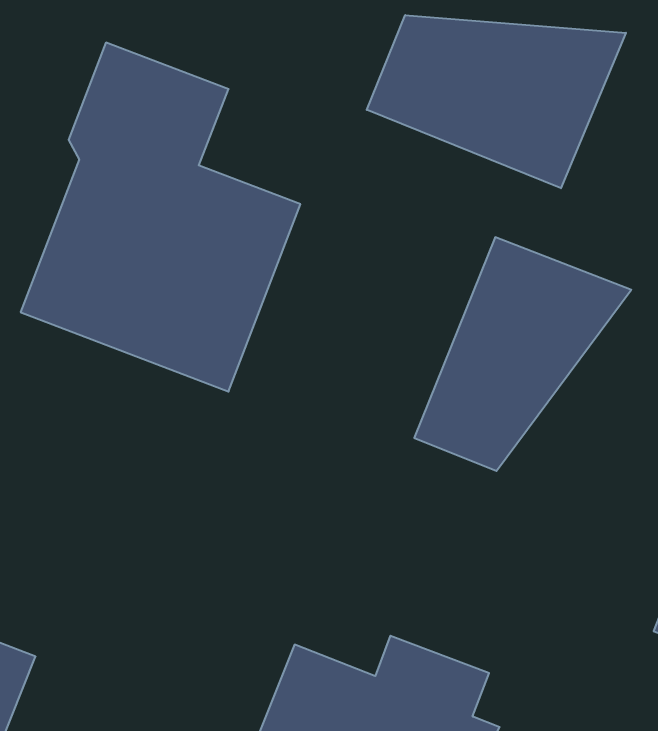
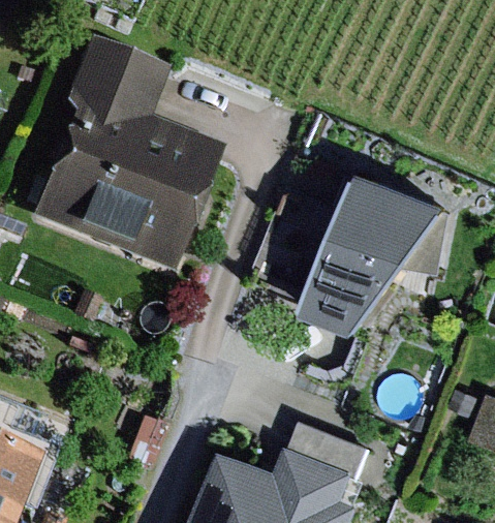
building: [367,15,626,188] -> none

